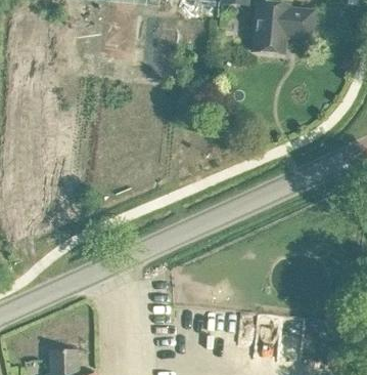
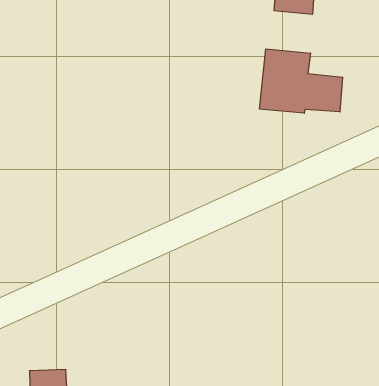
building: none -> [260,49,343,113]

